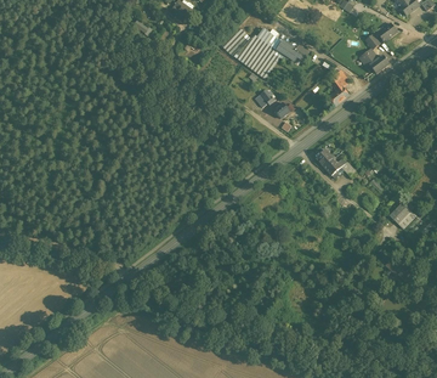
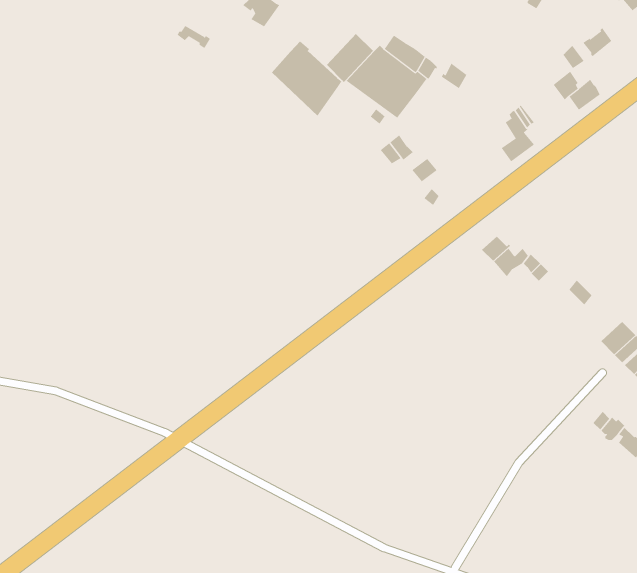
building: none -> [271,41,342,116]

